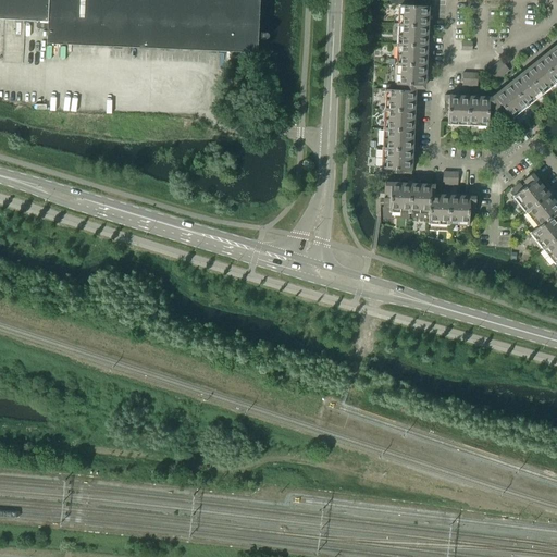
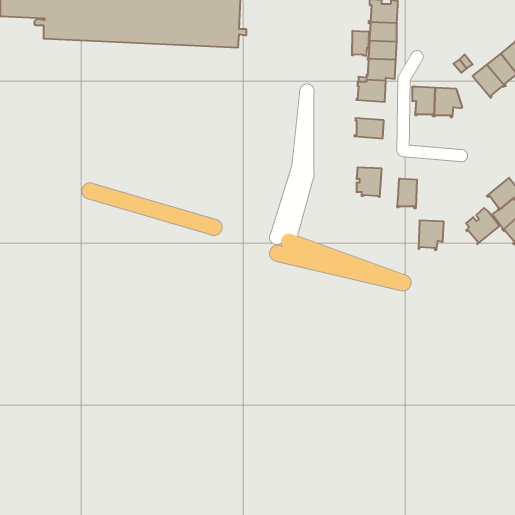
building: none -> [352,31,369,56]
building: [493,82,530,117] -> none
building: [384,108,416,129] -> none
building: [382,147,413,173] -> none
building: [513,172,549,211] -> [466,208,499,244]
building: [410,182,432,213] -> none
building: [449,194,476,225] -> [418,221,444,250]

